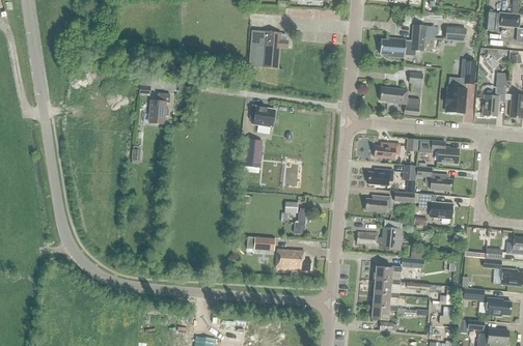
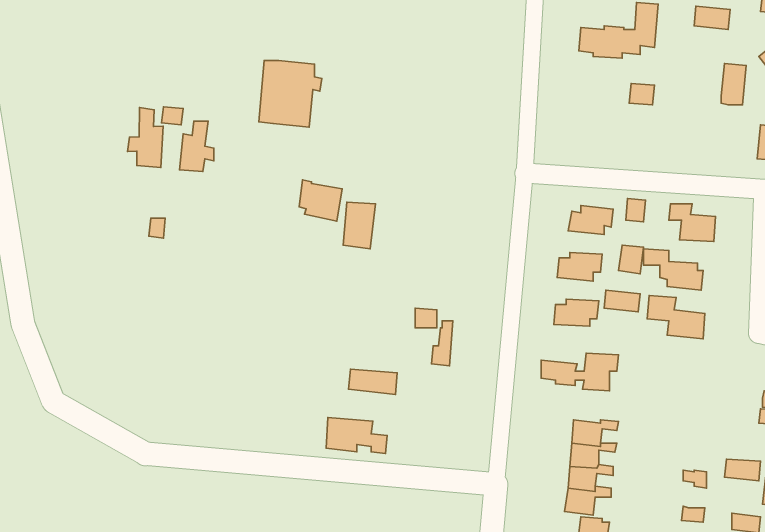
building: [248,30,284,68] -> [259,61,322,127]
building: [444,78,465,113] -> none
building: none -> [128,108,163,167]
building: [379,87,419,115] -> none
building: [249,104,274,127] -> [299,180,342,221]
building: [276,250,311,270] -> [326,418,387,454]

